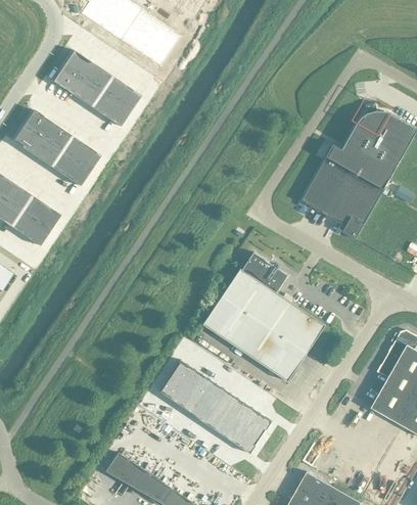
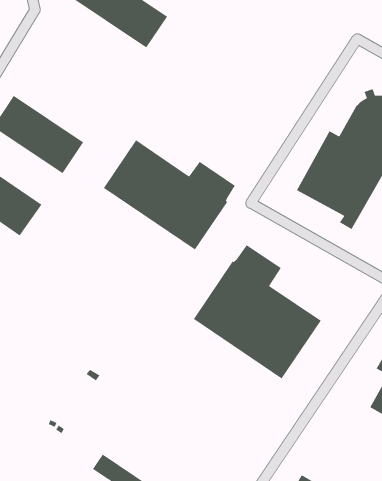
building: [52,51,140,128] -> none
building: none -> [103,139,236,250]
building: [158,361,272,455] -> none

